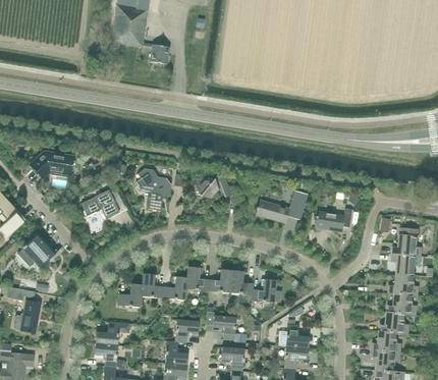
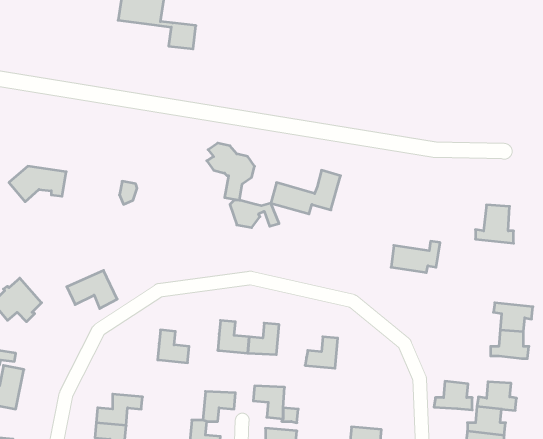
building: [135,168,171,211] -> [207,143,255,200]
building: [80,191,118,219] -> [67,270,117,309]
building: [256,191,308,223] -> [271,170,341,214]
building: [392,228,421,257] -> [475,205,514,243]
building: [229,270,253,294] -> none
building: [163,276,186,301] -> none
building: [118,283,142,308] -> none
building: [387,293,416,315] -> [434,381,472,410]
building: [285,324,309,348] -> none

